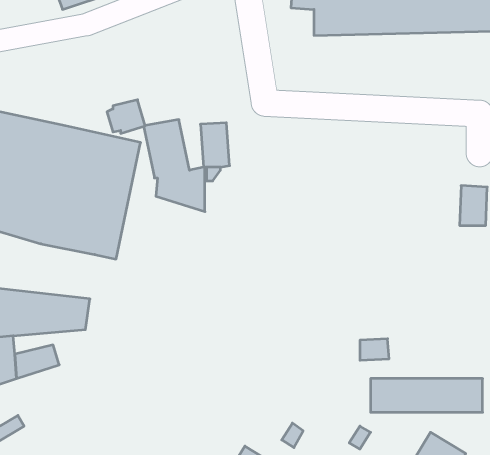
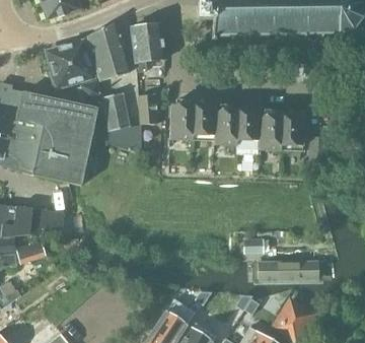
building: none -> [87,22,129,80]
building: none -> [131,22,165,71]
building: none -> [48,42,91,85]
building: none -> [169,99,305,149]

